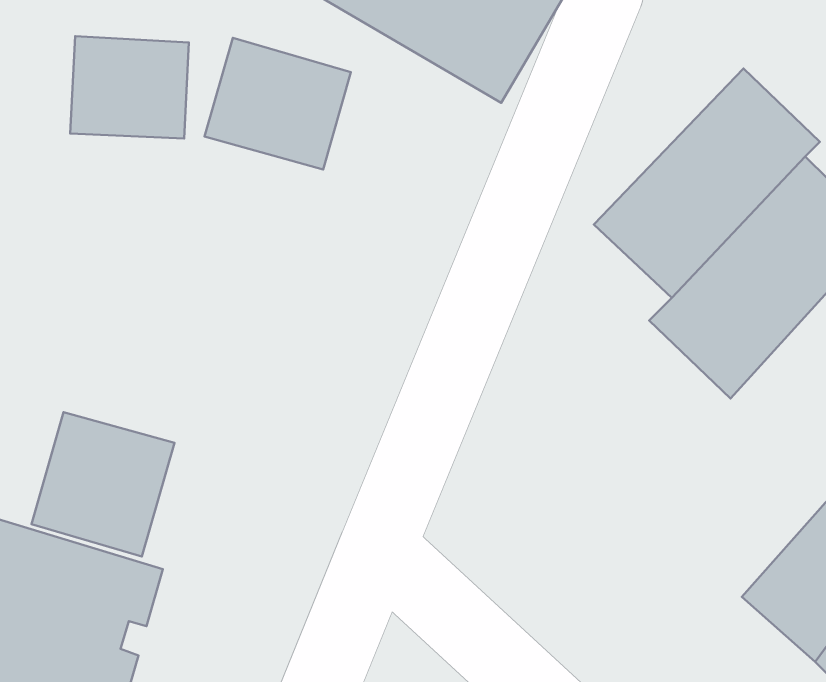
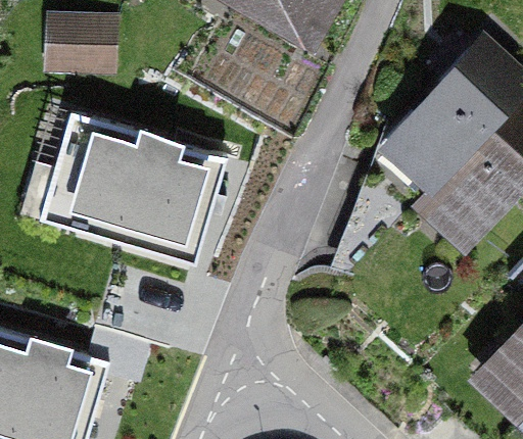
building: [205,38,351,169] -> none
building: none -> [56,110,223,256]
building: [31,412,174,557] -> none

